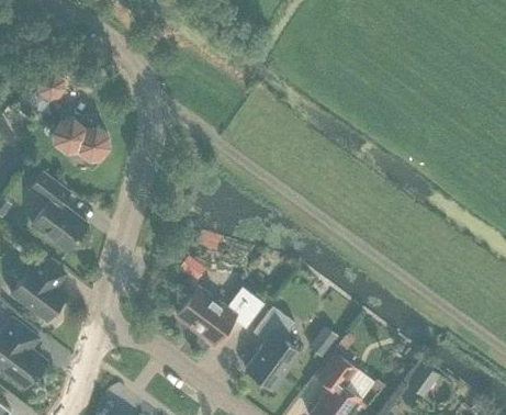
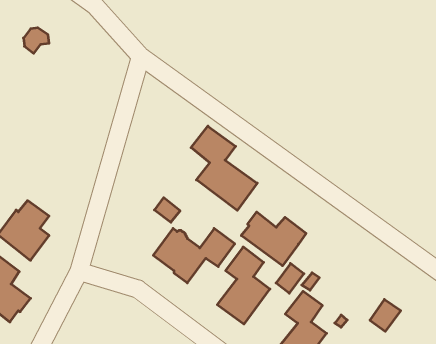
building: [52,115,108,160] -> none
building: [29,171,87,251] -> none
building: none -> [191,126,257,210]
building: none -> [241,212,306,266]

